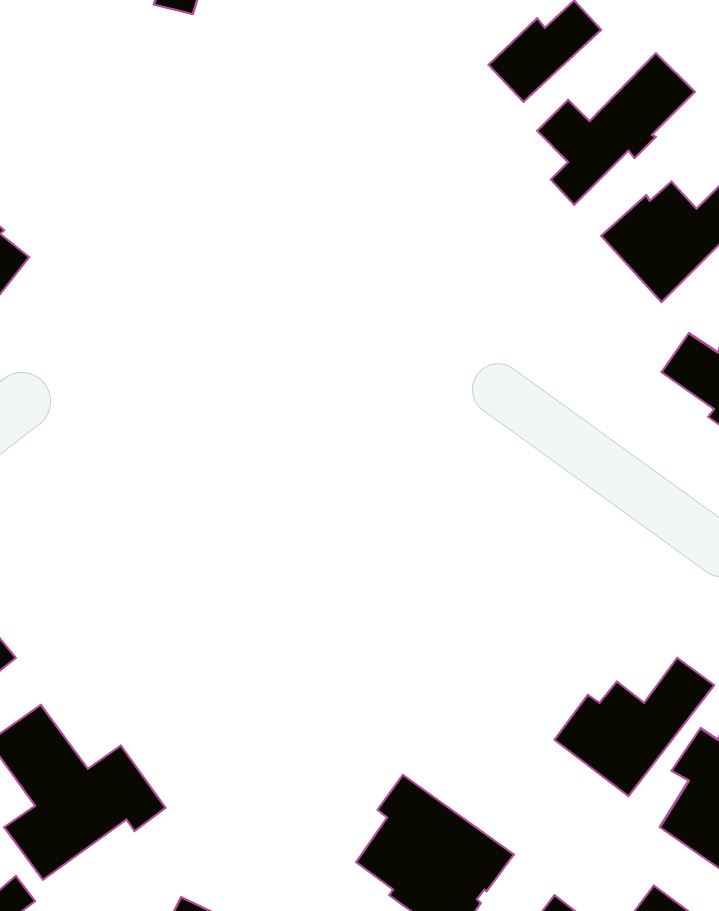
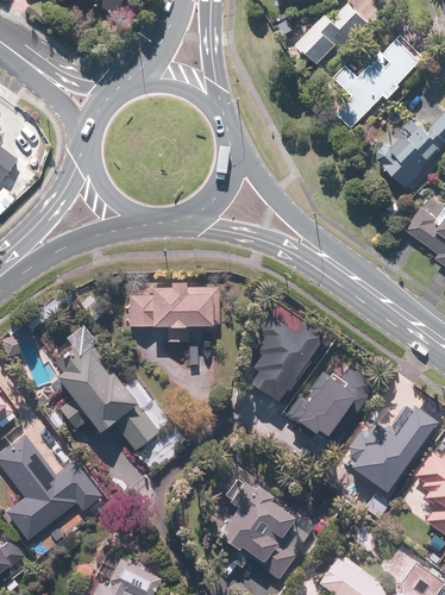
building: none -> [129,281,219,328]
building: none -> [250,312,325,403]
building: none -> [45,327,159,450]
building: none -> [288,364,376,434]

